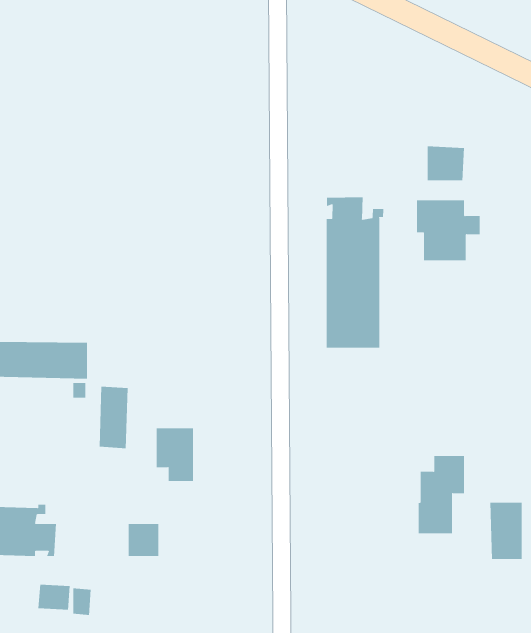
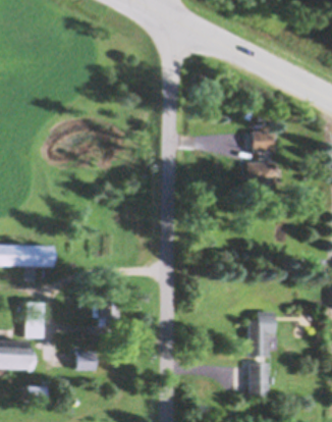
building: [326,196,384,349] -> none
building: [99,386,128,449] -> [25,302,43,338]
building: [489,502,522,560] -> [250,363,269,397]

